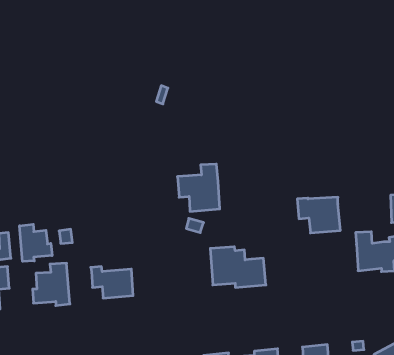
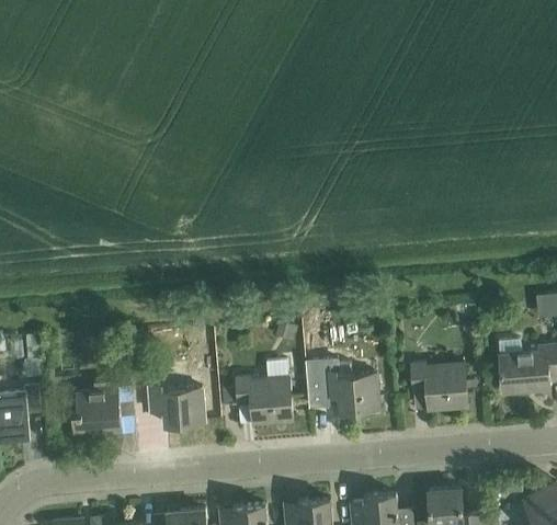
building: [177,164,220,211] -> [236,362,292,424]
building: [297,197,340,233] -> [410,363,467,410]
building: [20,224,52,261] -> none

